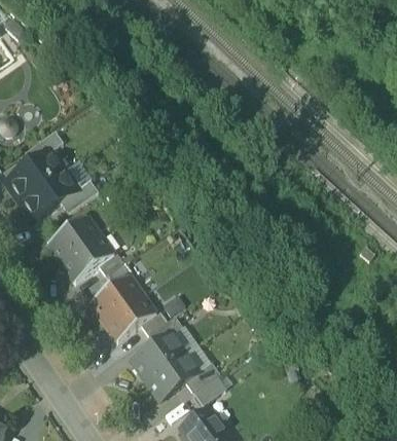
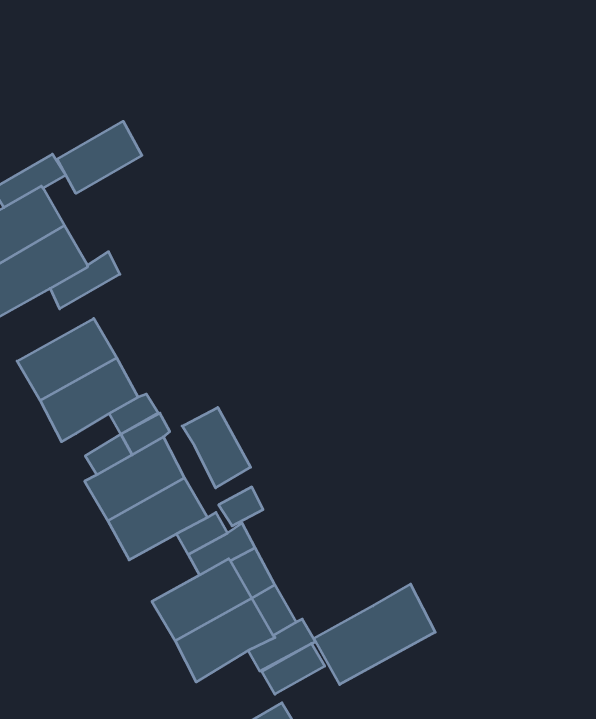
building: none -> [57,121,142,193]
building: none -> [182,407,251,488]
building: none -> [314,584,435,685]

